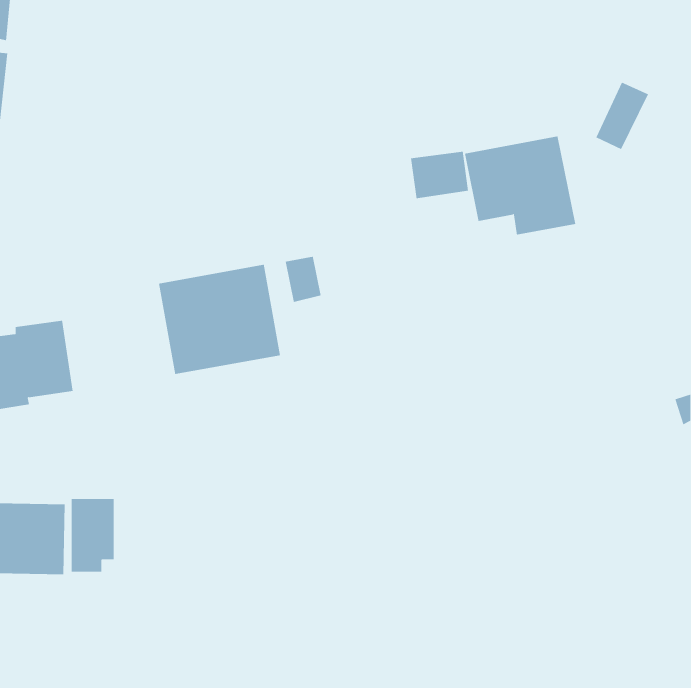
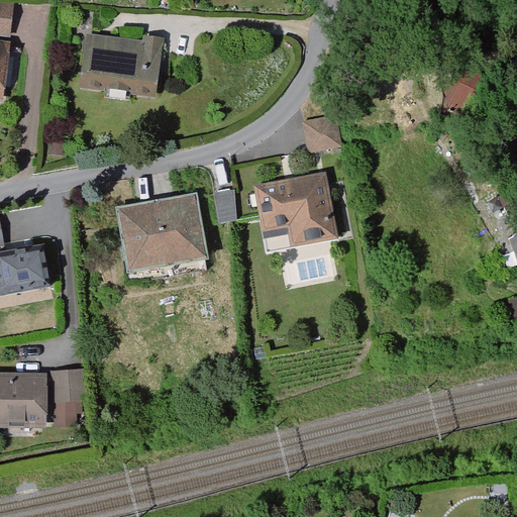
building: none -> [79,30,163,92]
building: [464,136,576,235] -> [253,172,336,245]

